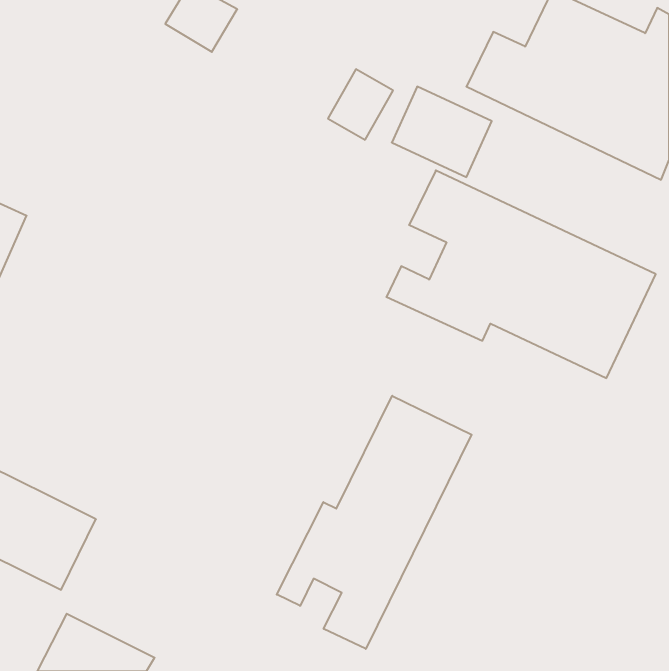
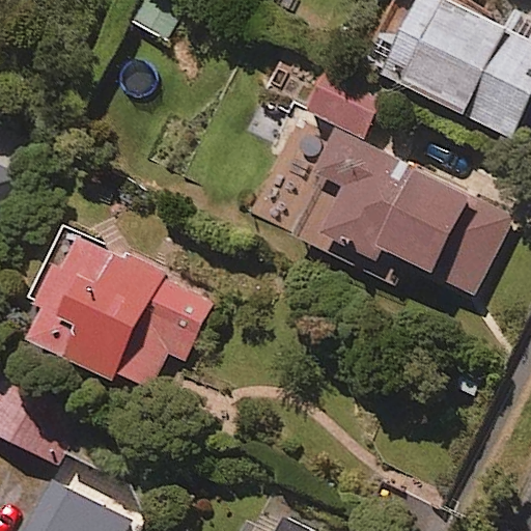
building: none -> [28,226,211,398]
building: [277,396,472,649] -> none

